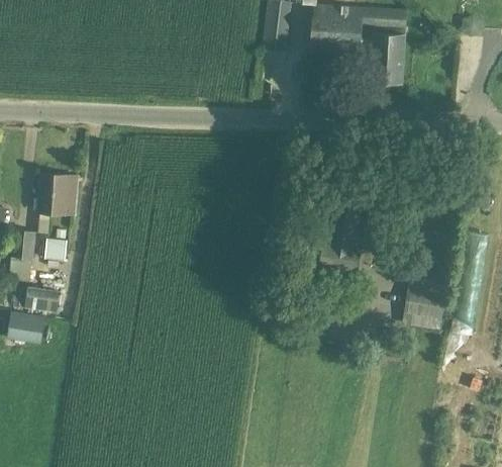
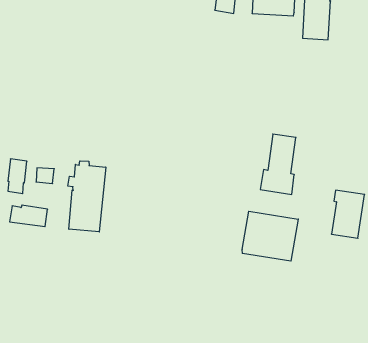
building: [36,175,76,220] -> none
building: none -> [68,161,106,232]
building: none -> [242,211,298,261]
building: [5,311,43,344] -> none

